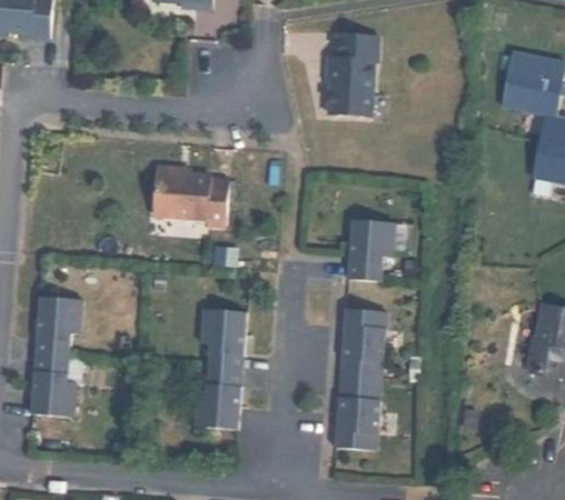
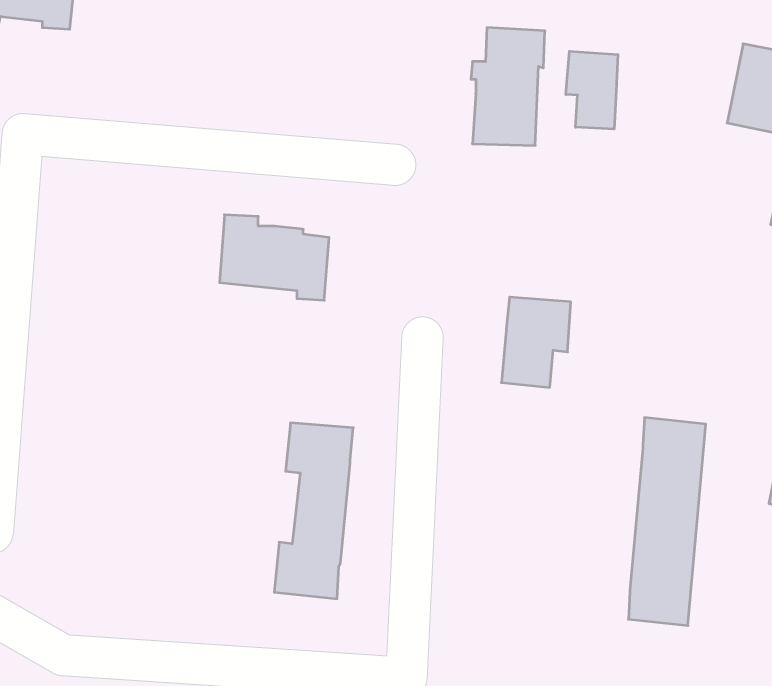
building: none -> [566,51,618,129]
building: [27,294,79,416] -> none
building: [334,311,387,454] -> [628,418,706,626]

